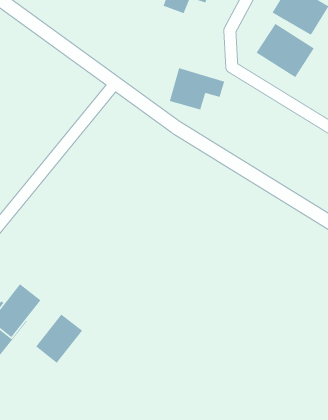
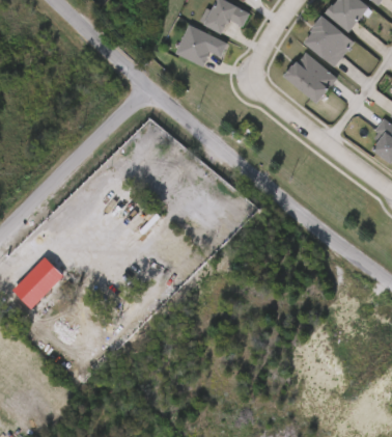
building: [169,67,225,110] -> [174,24,227,65]
building: [35,313,83,364] -> none

